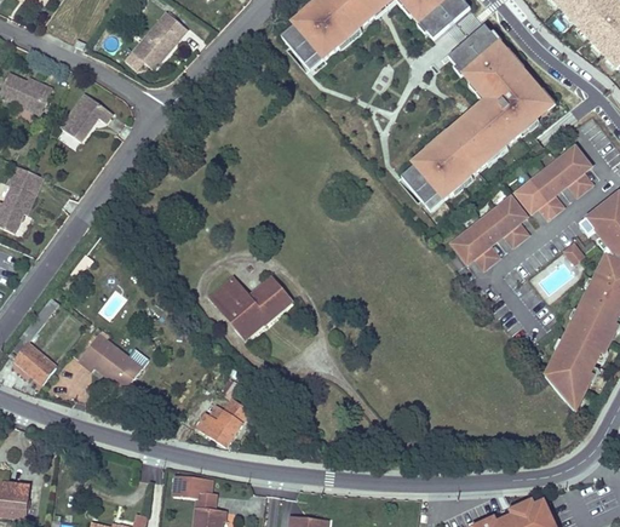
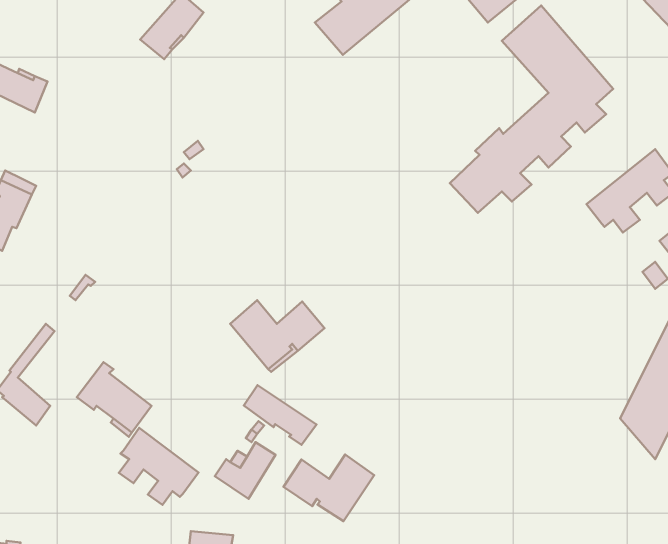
building: [62,93,114,142] -> none
building: [453,197,528,269] -> none
building: none -> [244,385,316,445]
building: none -> [119,428,199,505]
building: none -> [283,454,374,521]

